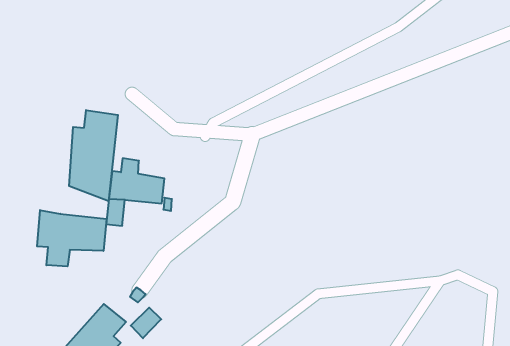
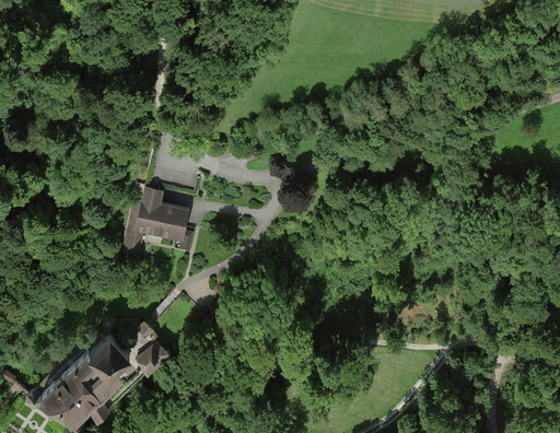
building: [69,110,118,201] -> none
building: [37,210,107,266] -> none

